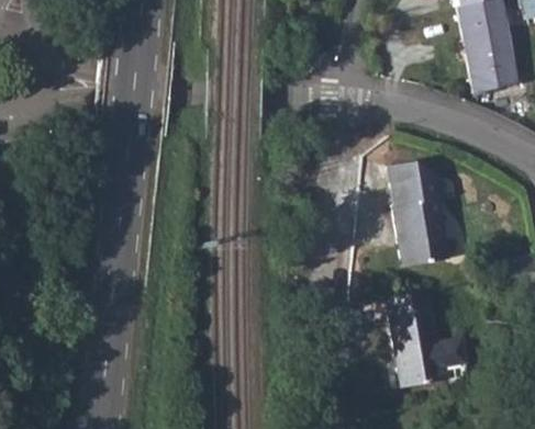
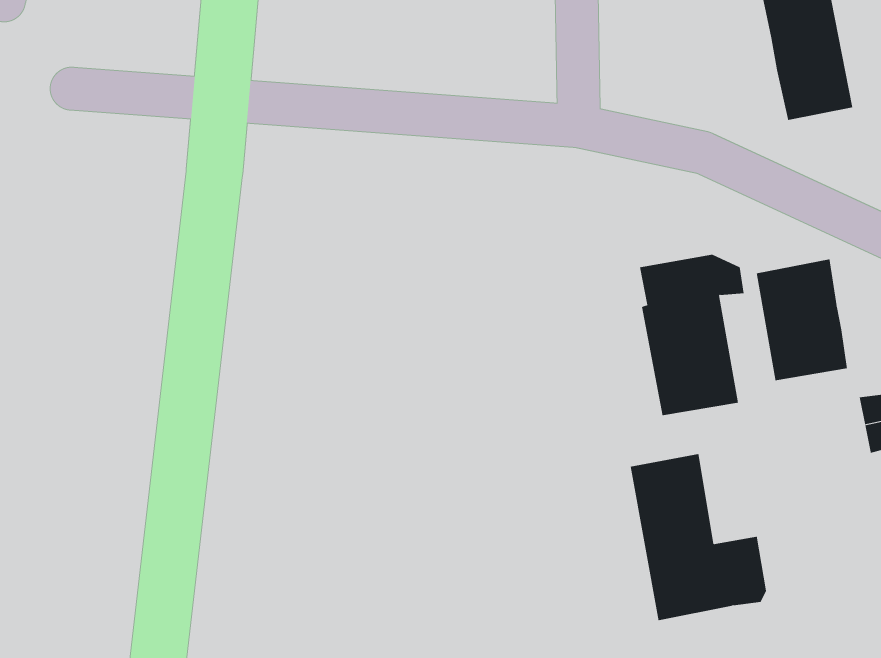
building: none -> [756,259,847,381]

